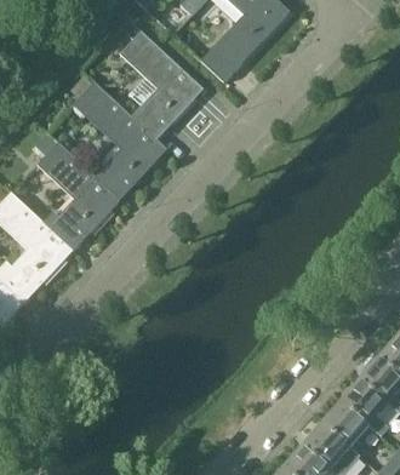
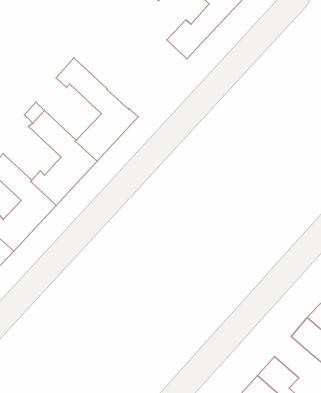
building: [122,30,202,141] -> none
building: [322,401,370,448] -> none

